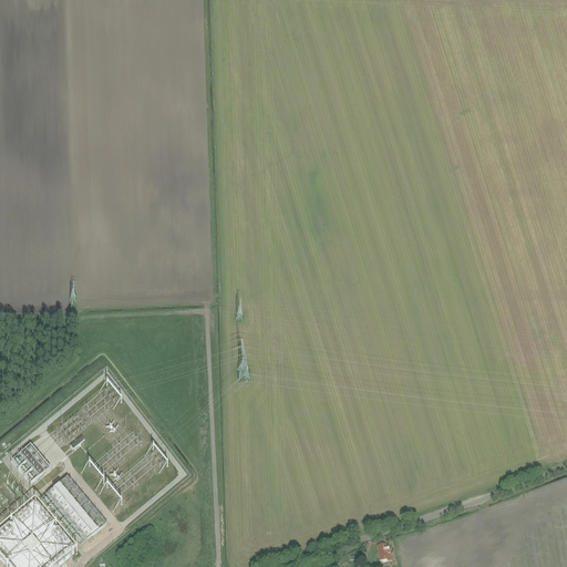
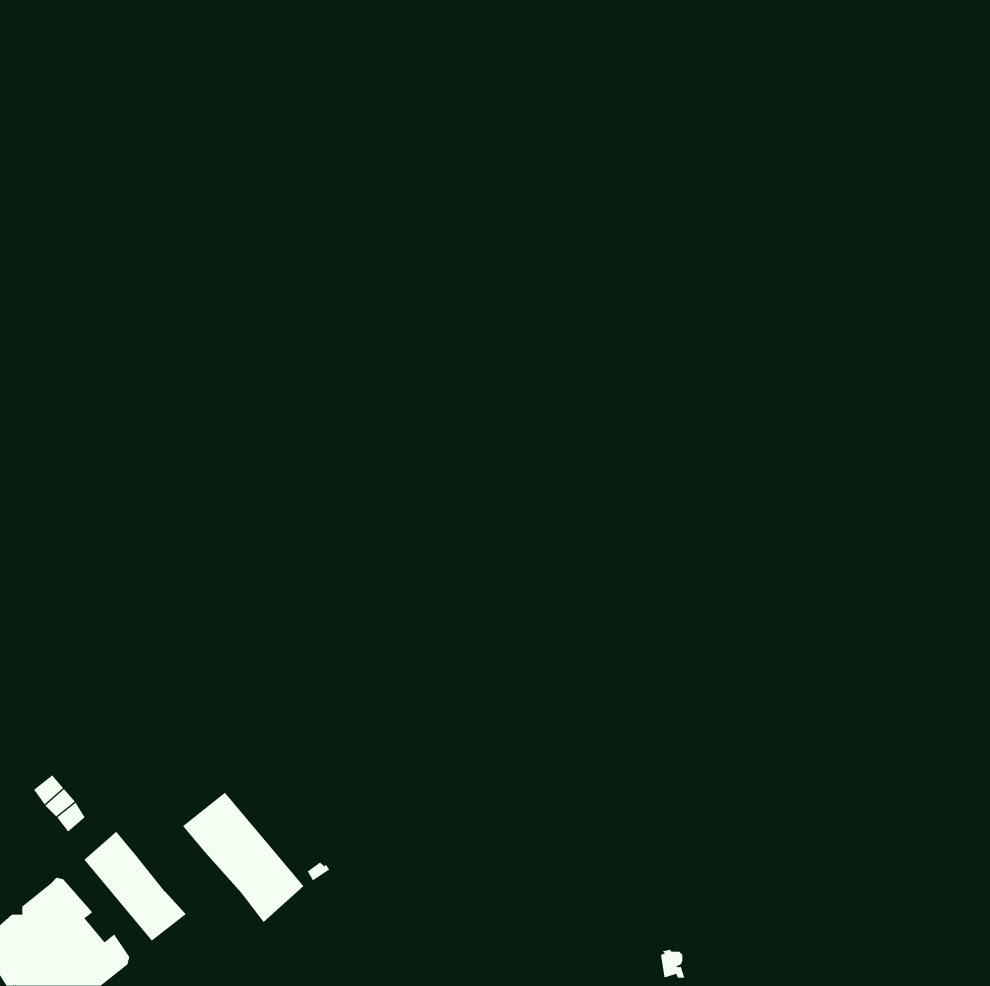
building: none -> [182,792,304,923]

